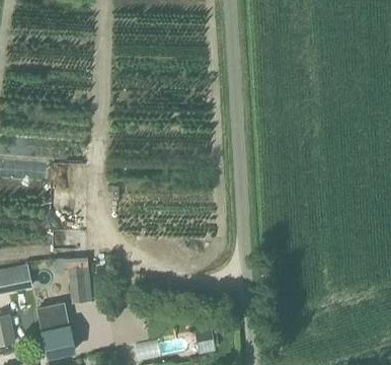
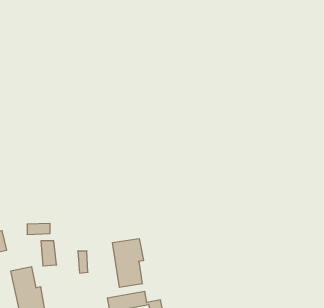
building: none -> [113,239,144,287]

